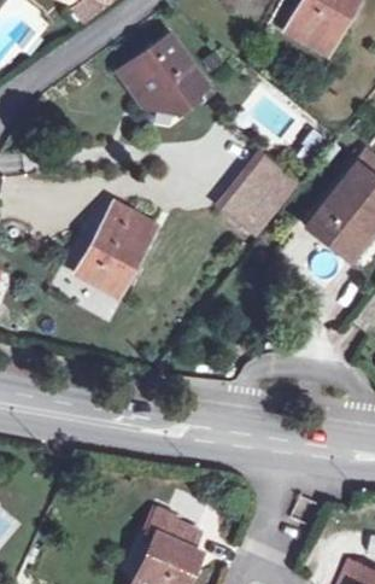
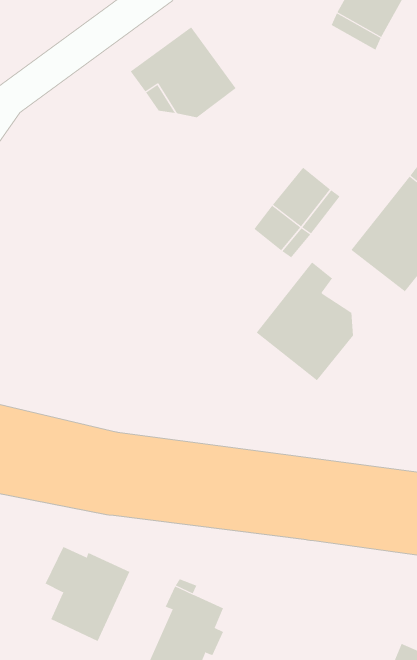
building: [78,204,156,296] -> none
building: none -> [256,262,354,381]
building: none -> [45,546,130,642]

